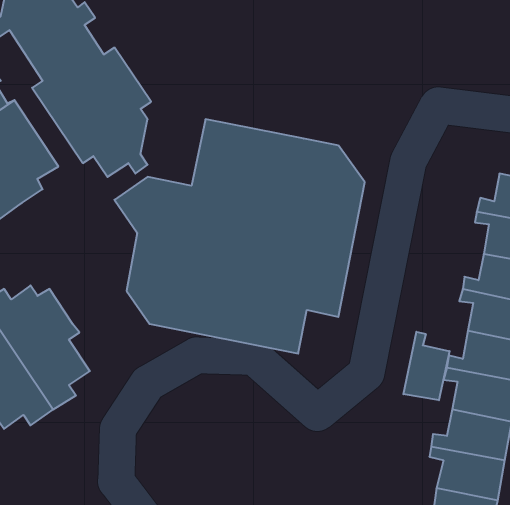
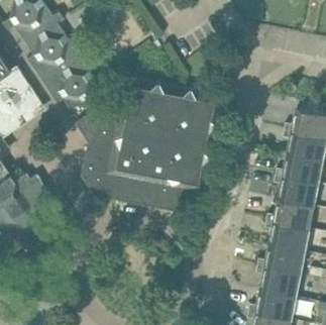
building: [403,332,450,400] -> none

